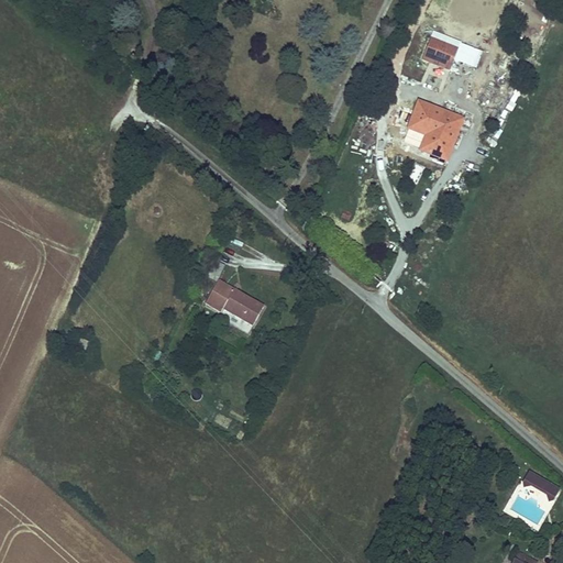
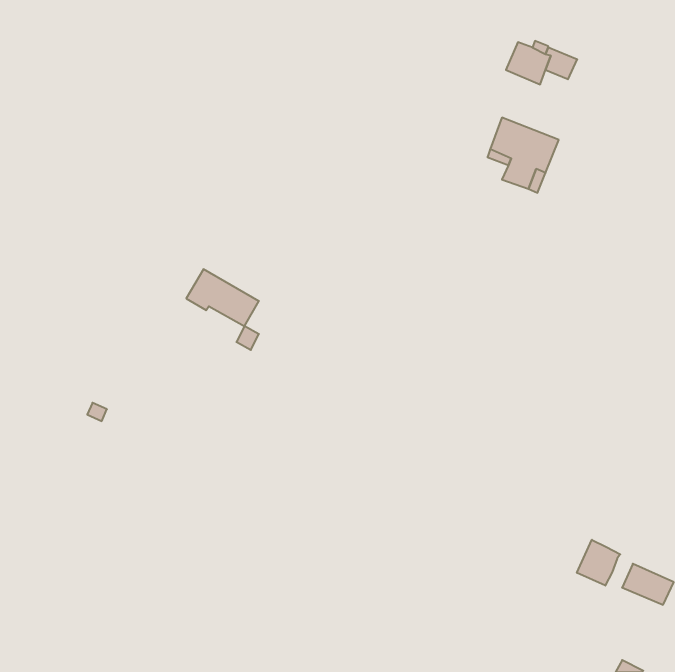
building: [205,278,265,325] -> [186,269,259,326]
building: none -> [577,540,620,586]

